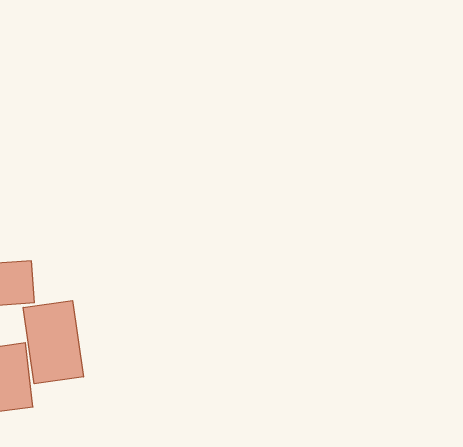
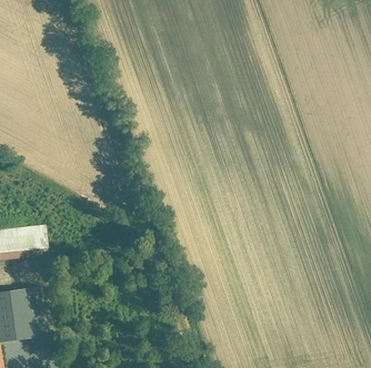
building: [23,301,83,384] -> none

